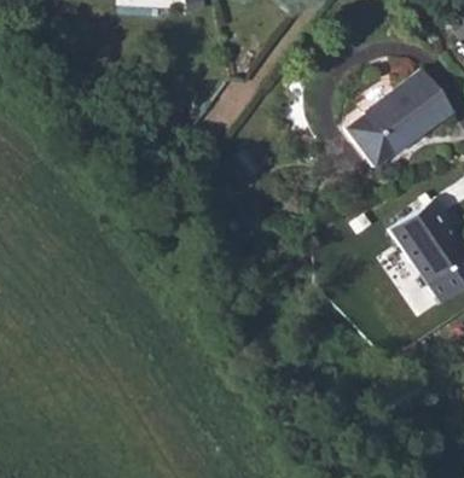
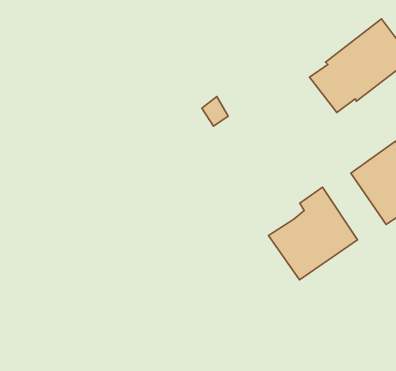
building: none -> [268,187,357,280]

